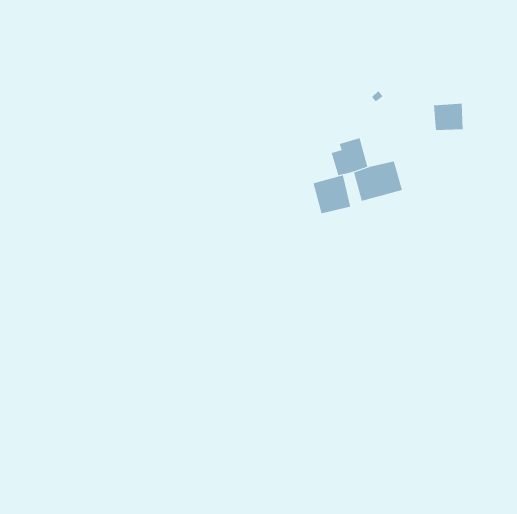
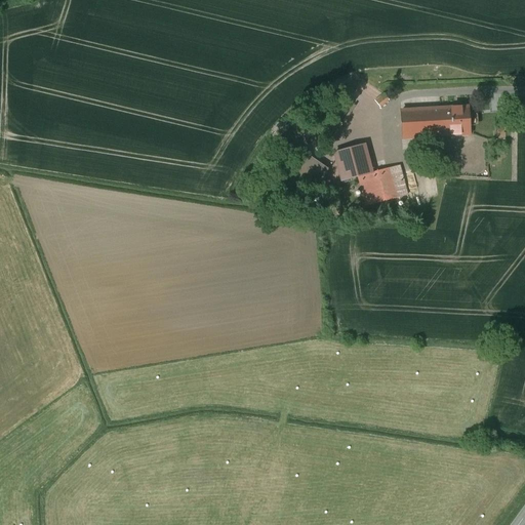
building: none -> [401,107,441,135]
building: [313,175,351,214] -> none

